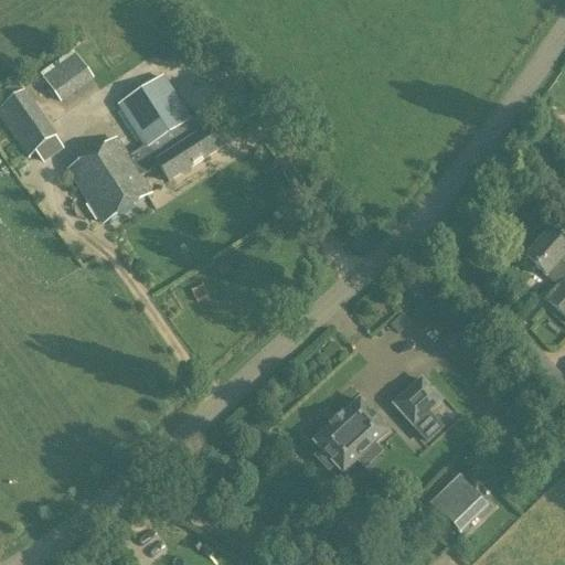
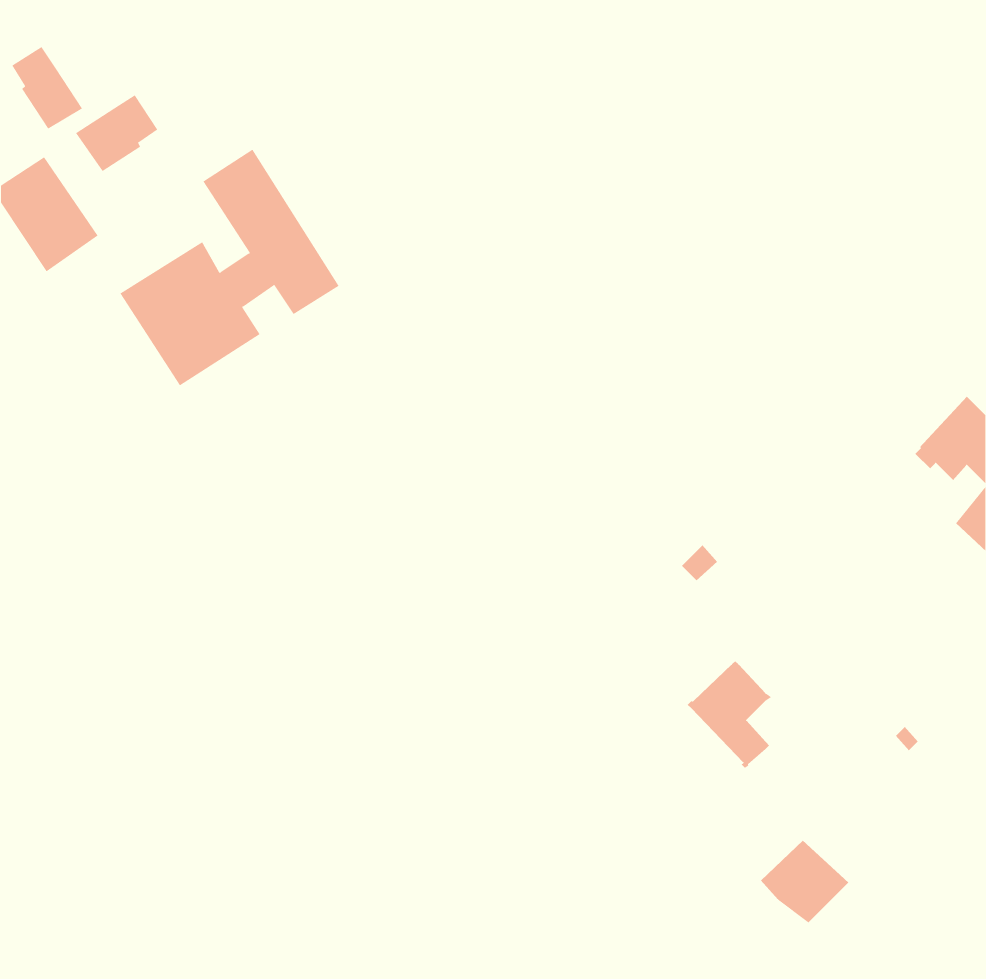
building: none -> [11,46,83,129]
building: [145,73,221,163] -> none
building: [313,397,388,471] -> none

